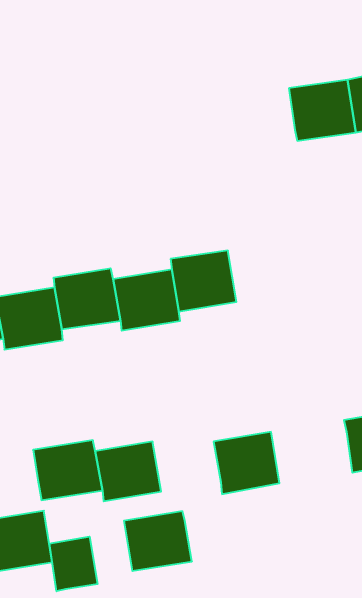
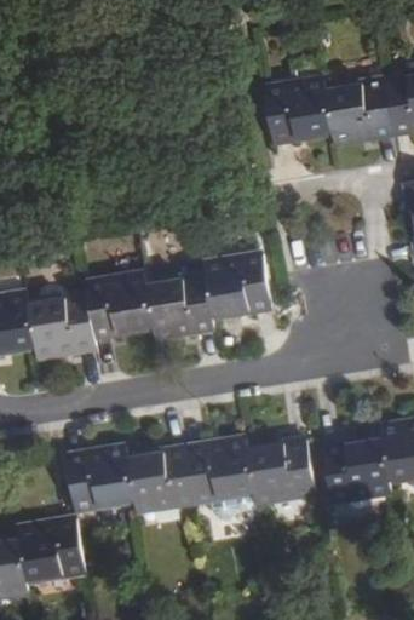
building: none -> [264,80,330,142]
building: none -> [324,440,391,500]
building: [124,511,192,571] -> [186,440,255,500]
building: [49,537,98,591] -> none

